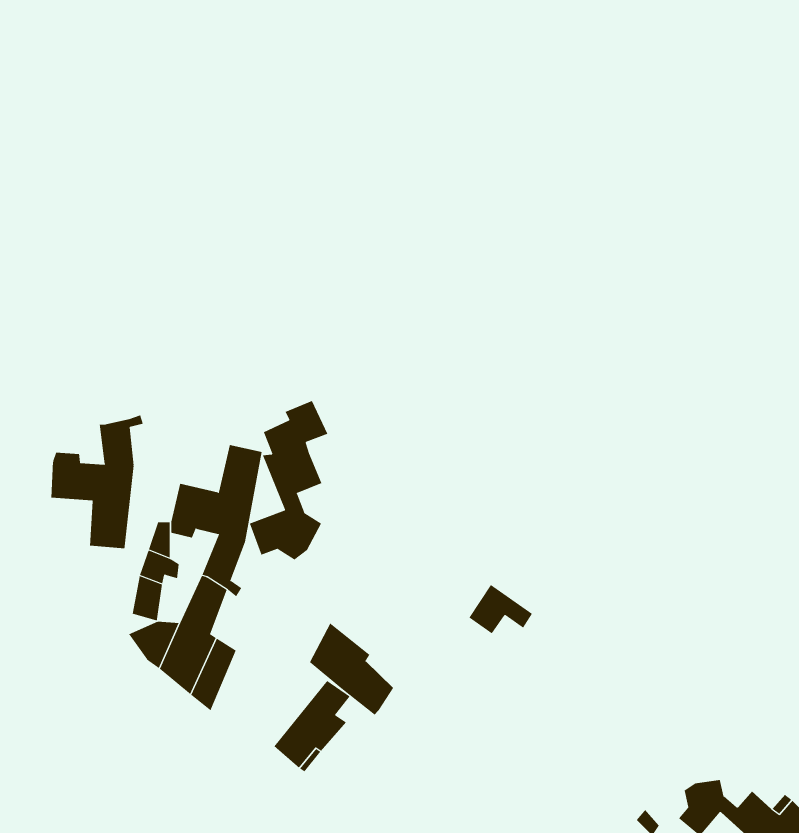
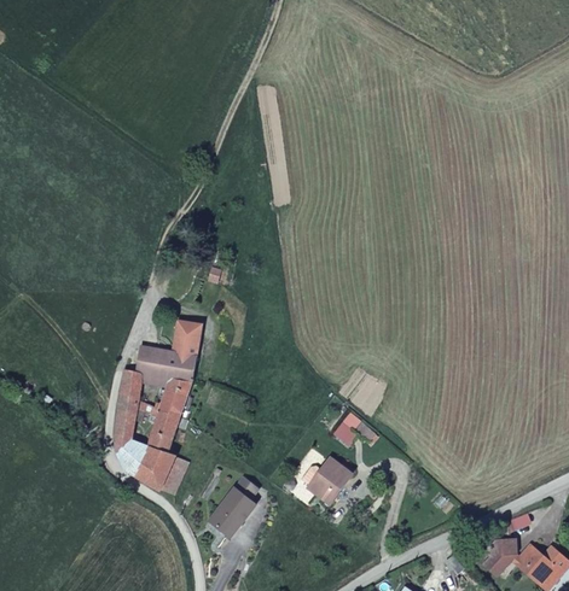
building: [249,400,328,560] -> none
building: [51,415,143,549] -> none
building: [309,622,394,715] -> none
building: none -> [312,458,353,503]

